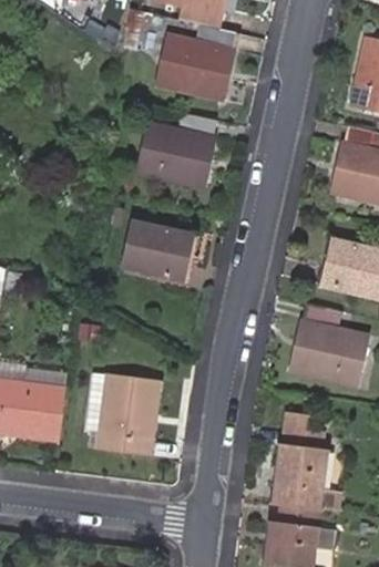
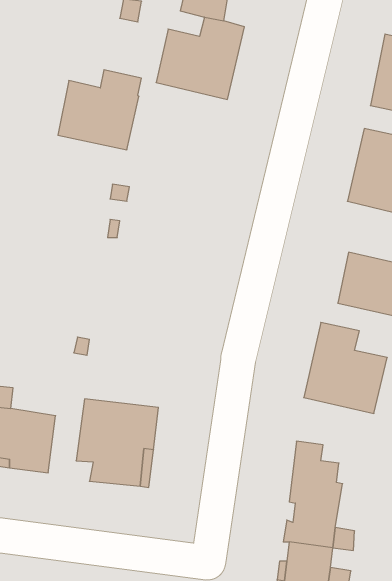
building: [140,113,216,186] -> [58,70,141,150]
building: [123,221,192,279] -> none

